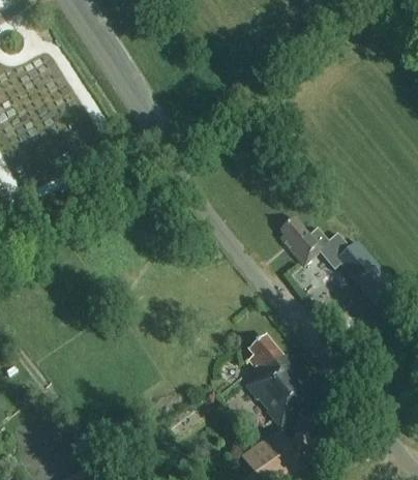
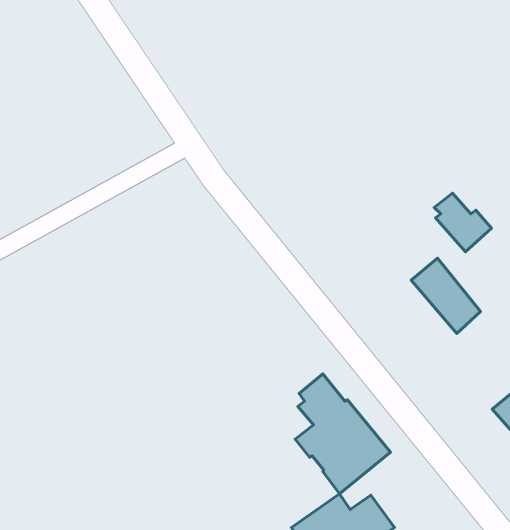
building: [278,216,324,263] -> [434,193,492,252]

